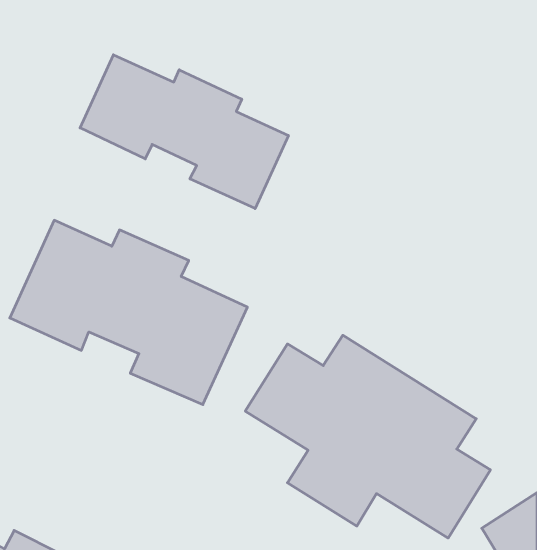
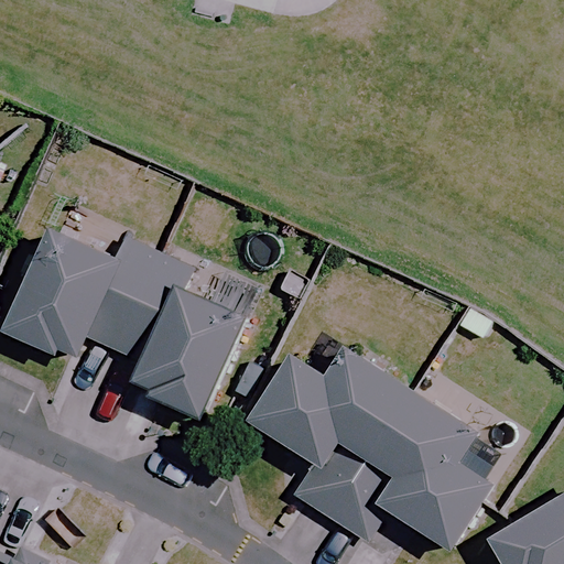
building: [80,55,288,209] -> none

